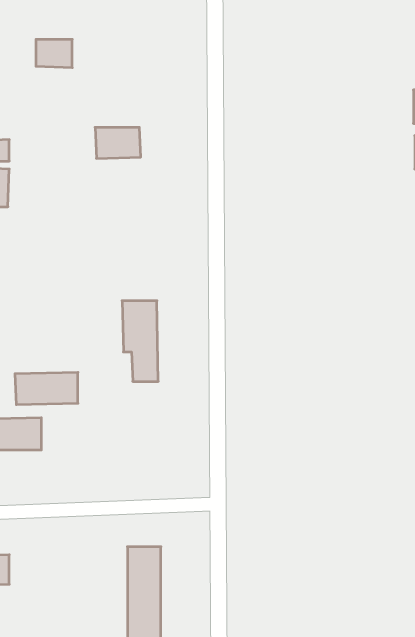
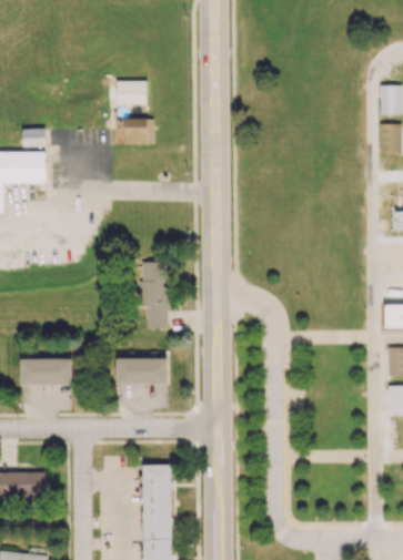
building: [36,39,72,68] -> [117,81,147,104]
building: [15,372,78,405] -> [115,358,168,385]

